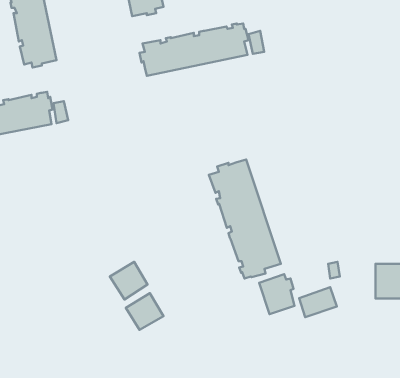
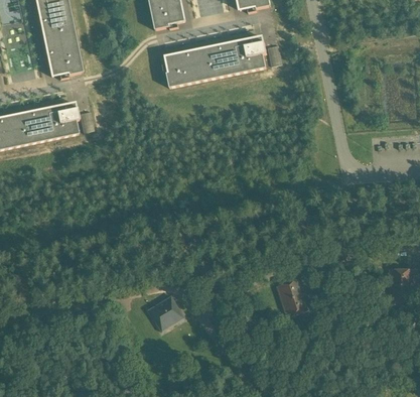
building: [209,160,281,278] -> none
building: [110,262,148,300] -> none
building: [299,287,337,317] -> none

